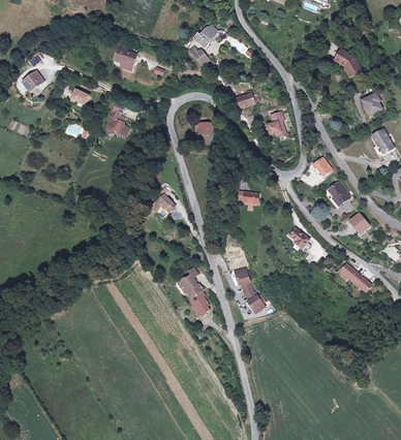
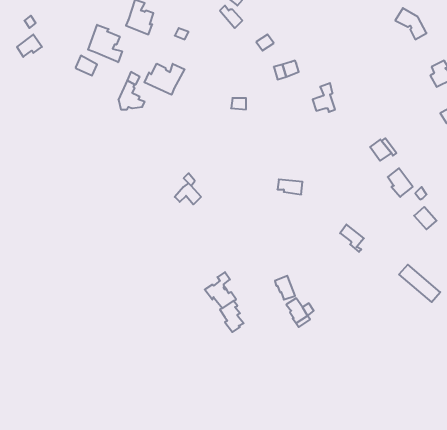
building: none -> [88,25,122,62]
building: none -> [144,64,185,95]

